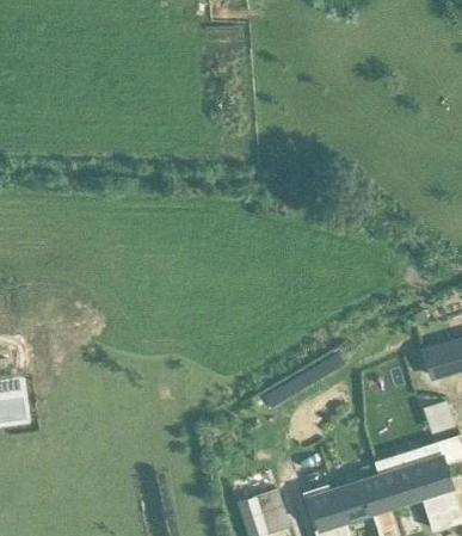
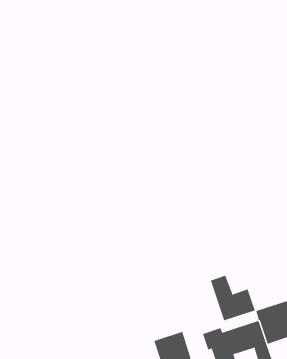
building: none -> [210,275,256,321]

